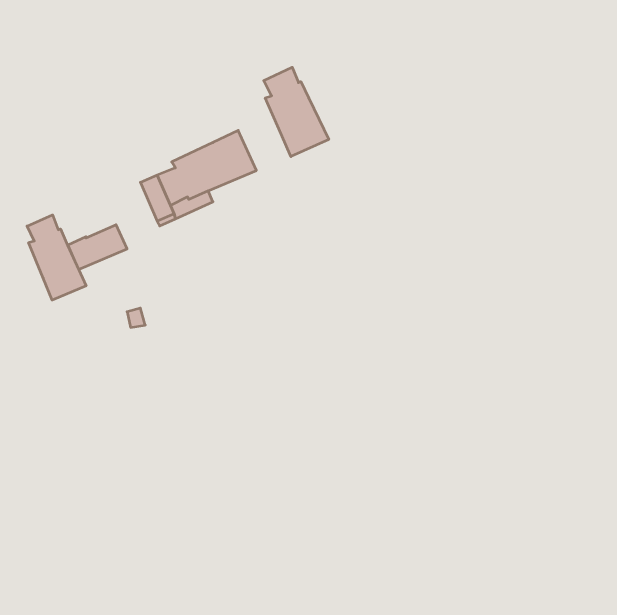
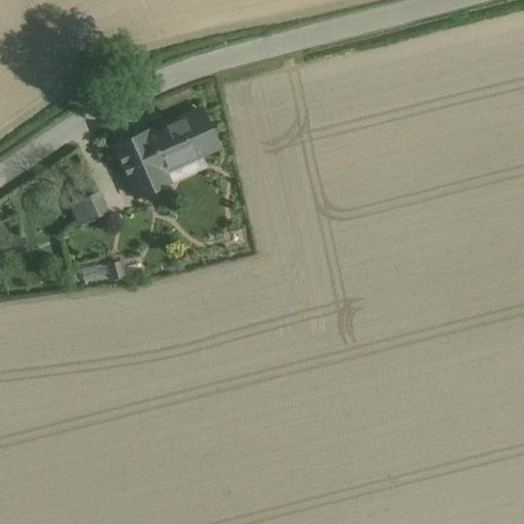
building: [264,67,329,157] -> none
building: [27,215,86,300] -> none

